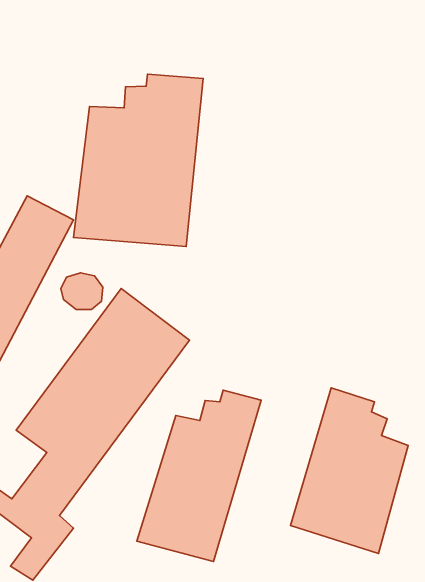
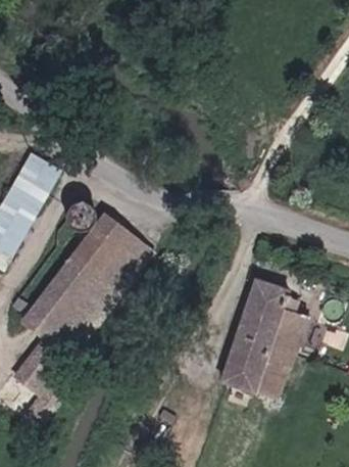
building: [73,74,203,247] -> none
building: [137,390,261,562] -> none

